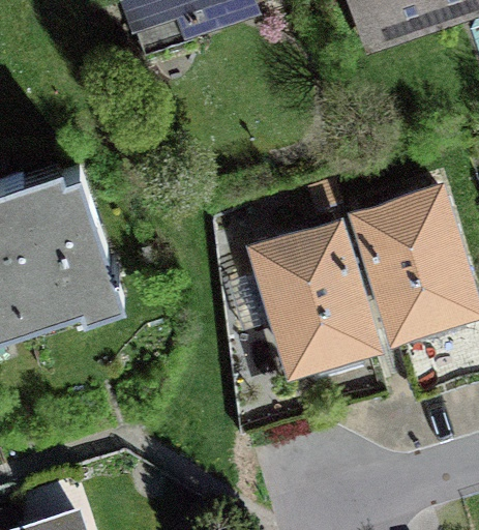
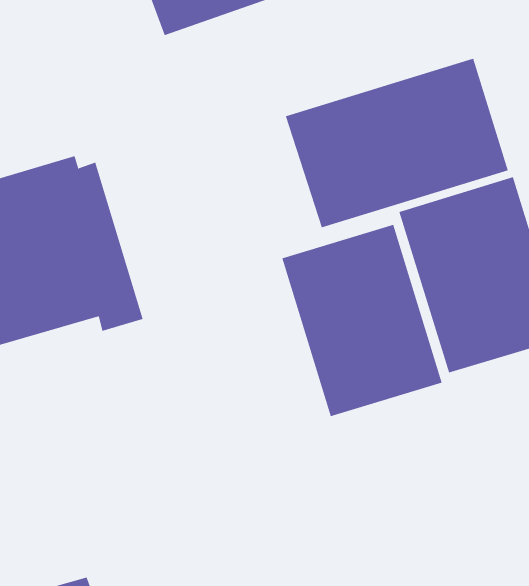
building: none -> [285,58,508,228]

